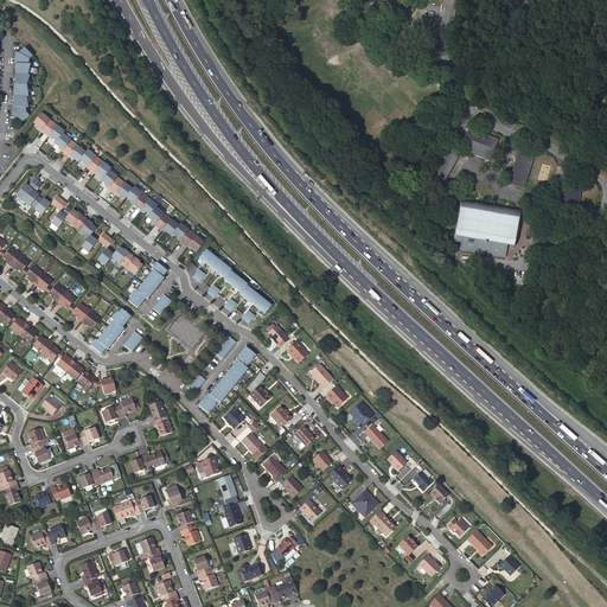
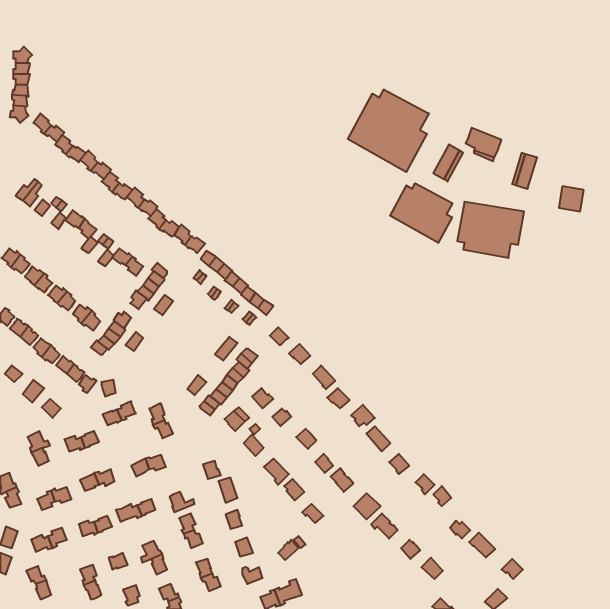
building: none -> [348,89,429,172]
building: none -> [390,183,452,243]

